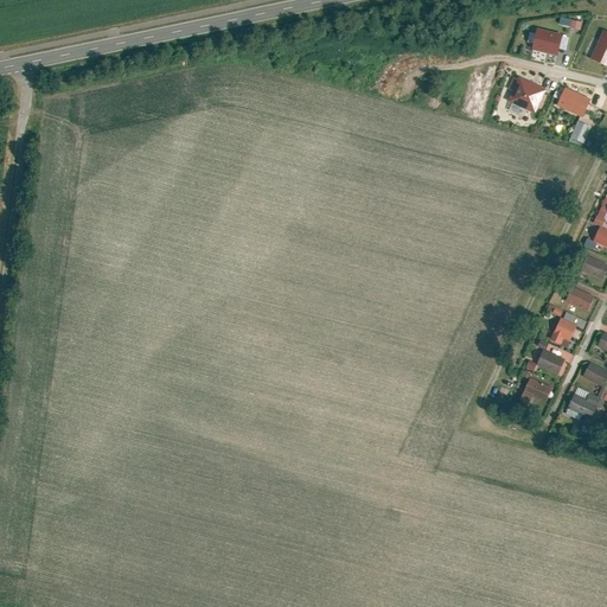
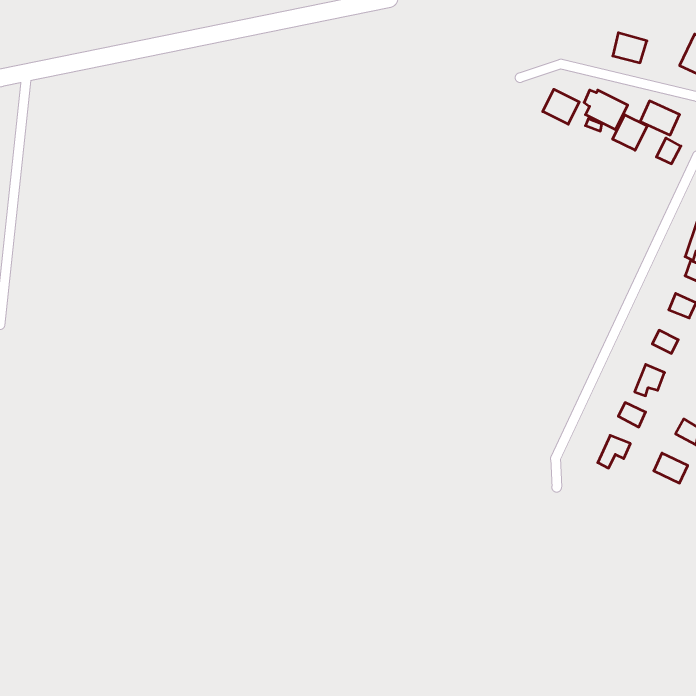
building: none -> [543,89,579,124]
building: none -> [613,115,647,150]

